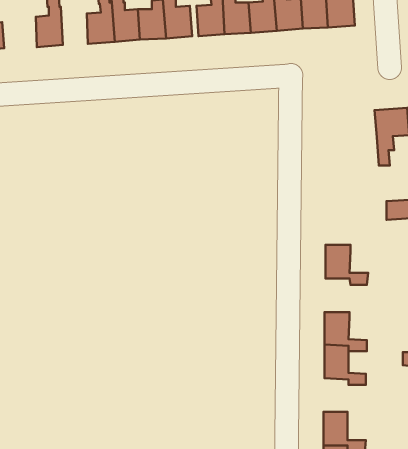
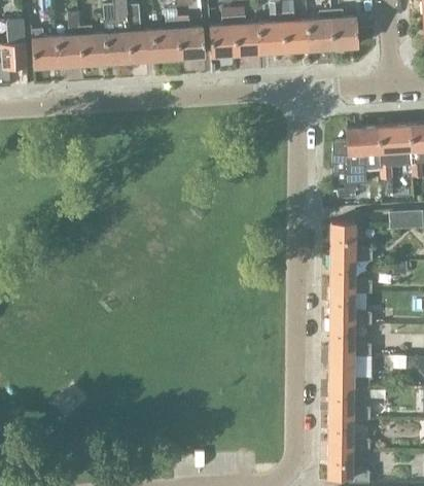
building: none -> [80,29,106,66]
building: none -> [31,32,58,69]
building: none -> [333,128,380,184]
building: none -> [331,223,372,262]
building: none -> [330,287,370,325]
building: none -> [329,382,369,420]

